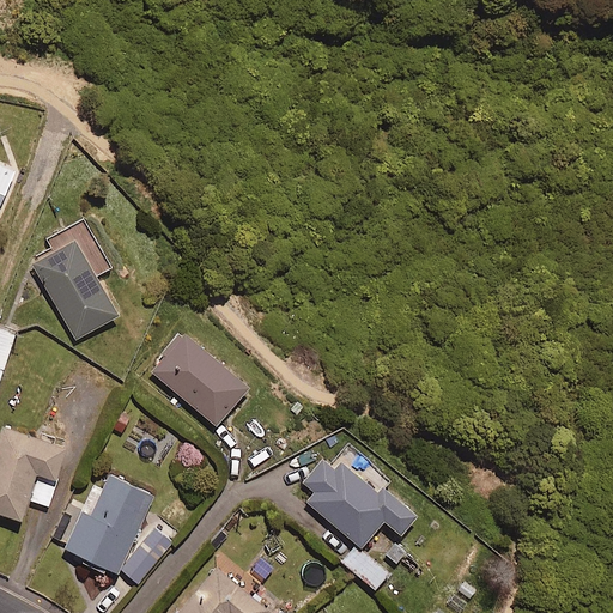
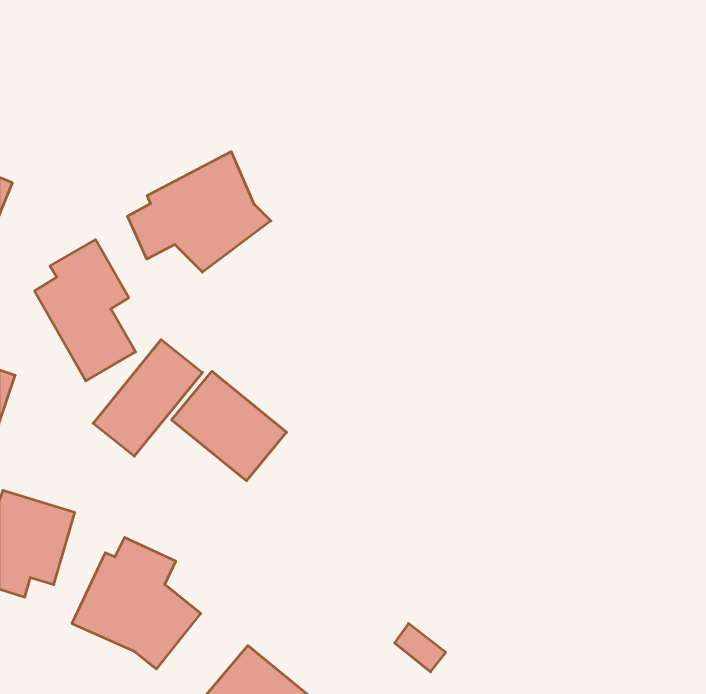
building: none -> [127,152,271,272]
building: none -> [93,340,203,456]
building: [293,447,414,547] -> none

